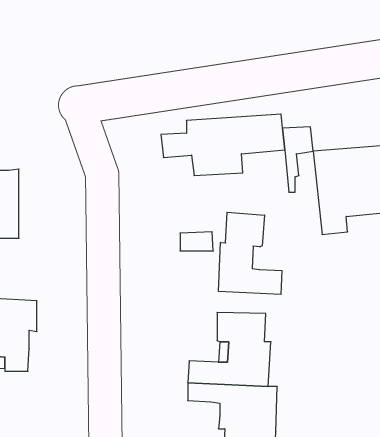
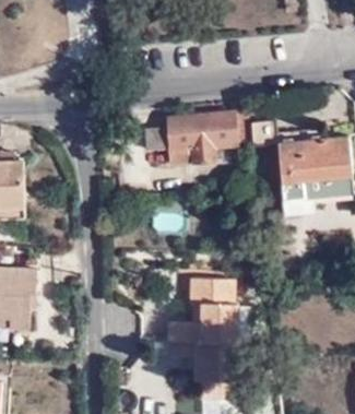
building: [219,212,282,294] -> none

